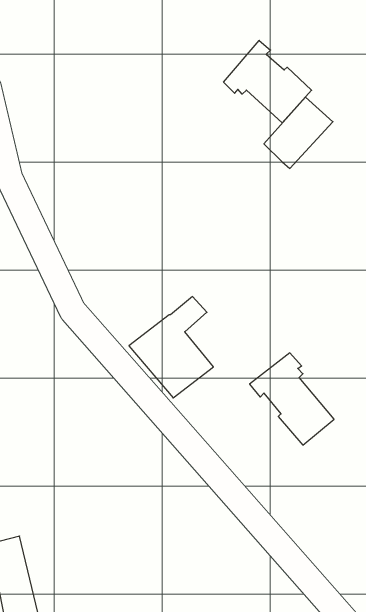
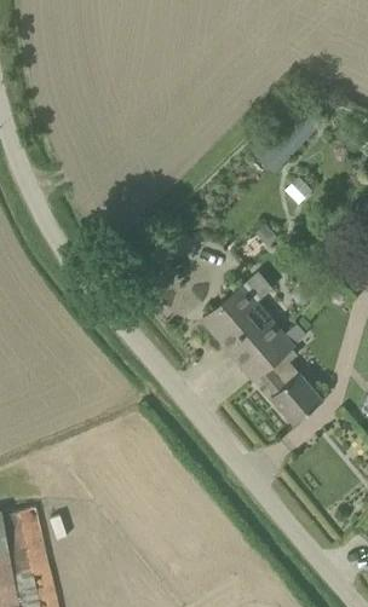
building: [224,40,312,123] -> none
building: [129,297,213,398] -> [202,273,281,368]

